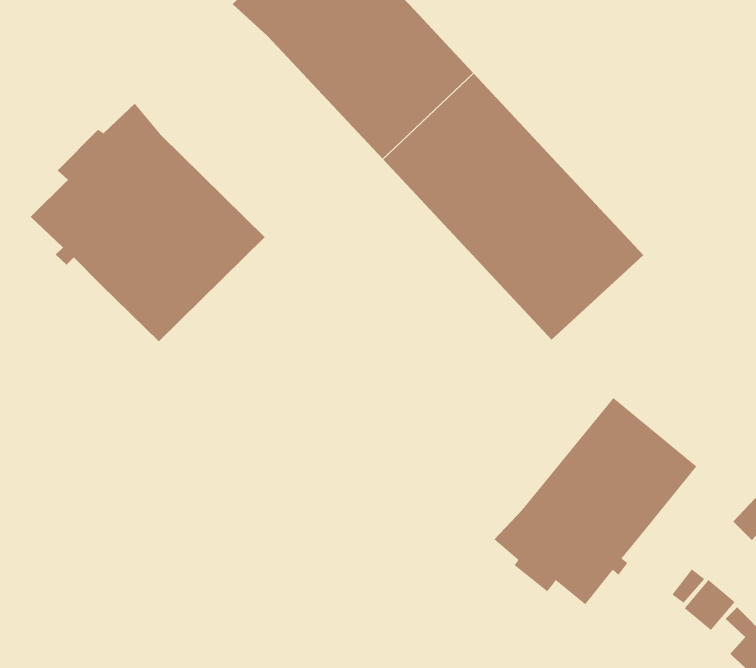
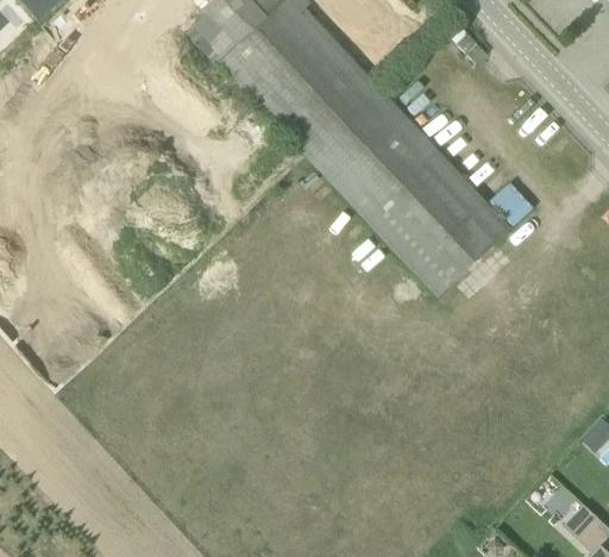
building: [30,103,265,342] -> none
building: [494,397,697,605] -> none

